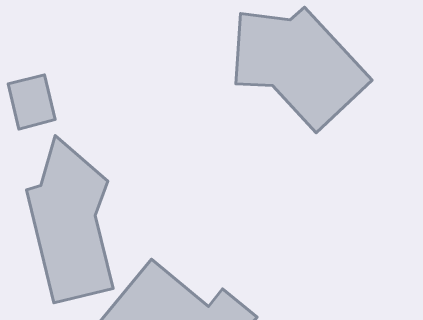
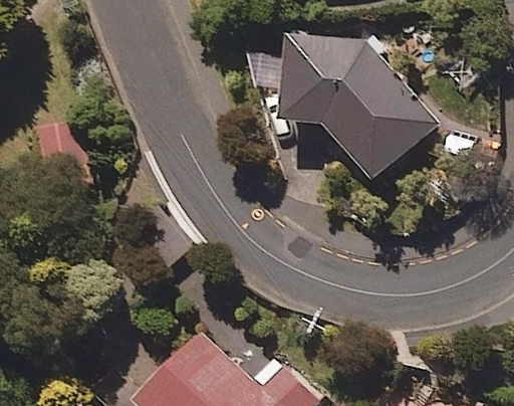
building: [26,136,113,303] -> none

